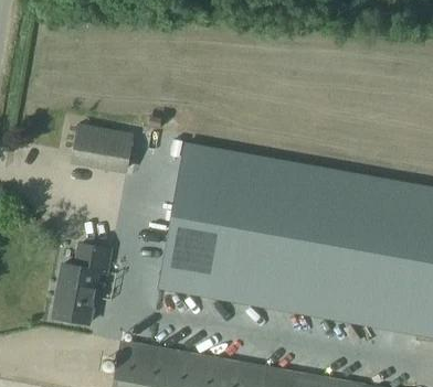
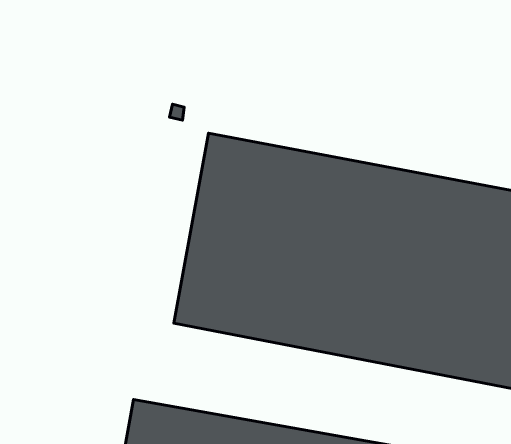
building: [75,130,138,175] -> none
building: [56,245,116,325] -> none

